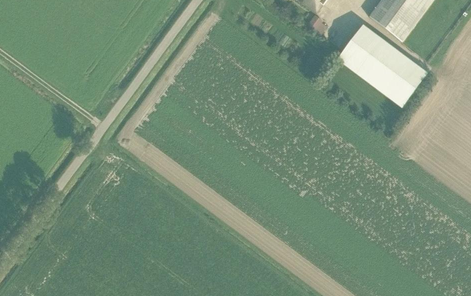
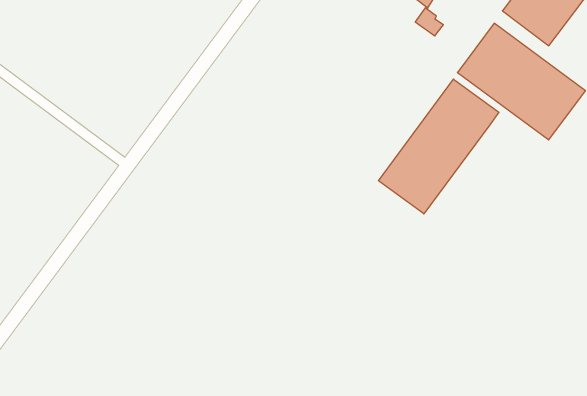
building: none -> [378,79,499,214]

